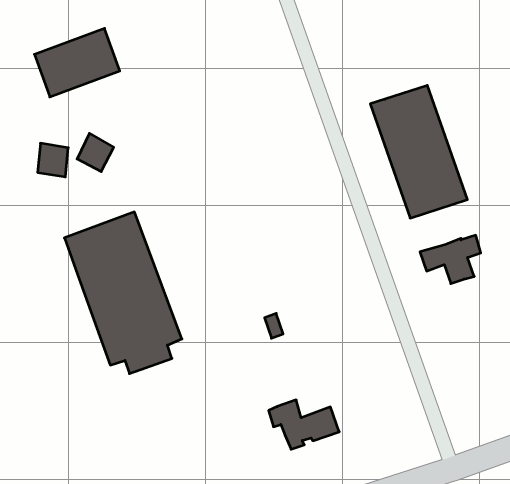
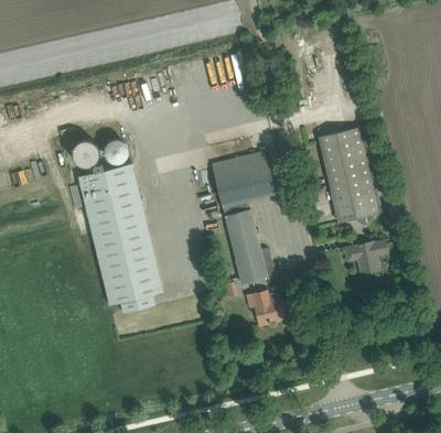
building: [34,28,120,97] -> [77,164,138,209]
building: none -> [211,151,275,284]
building: [269,400,339,449] -> [245,291,294,326]

